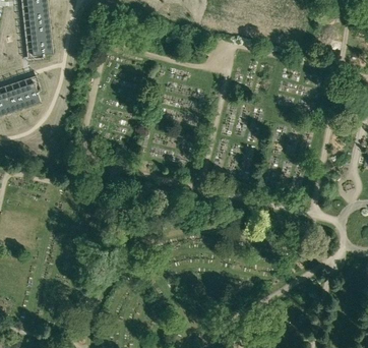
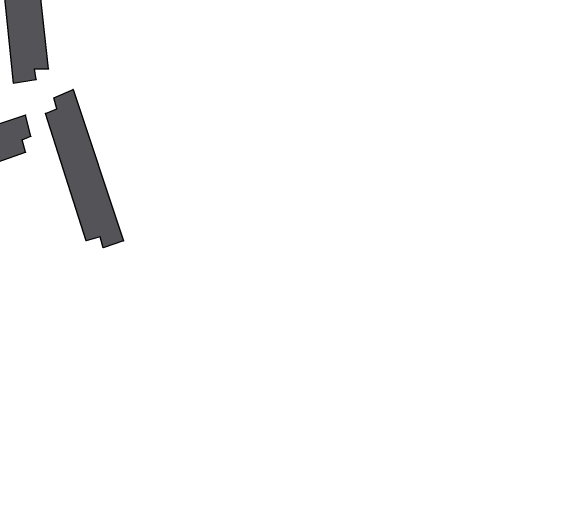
building: none -> [45,89,124,248]

